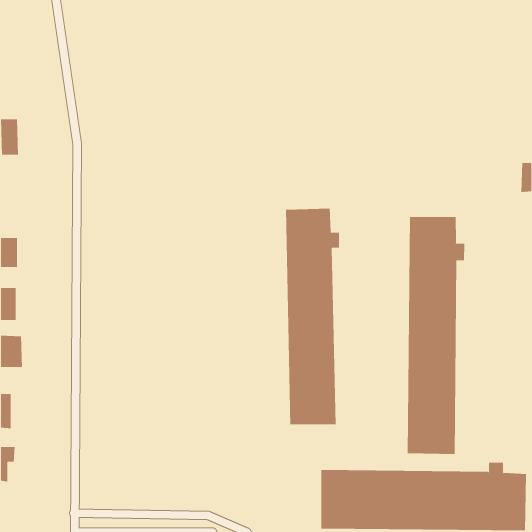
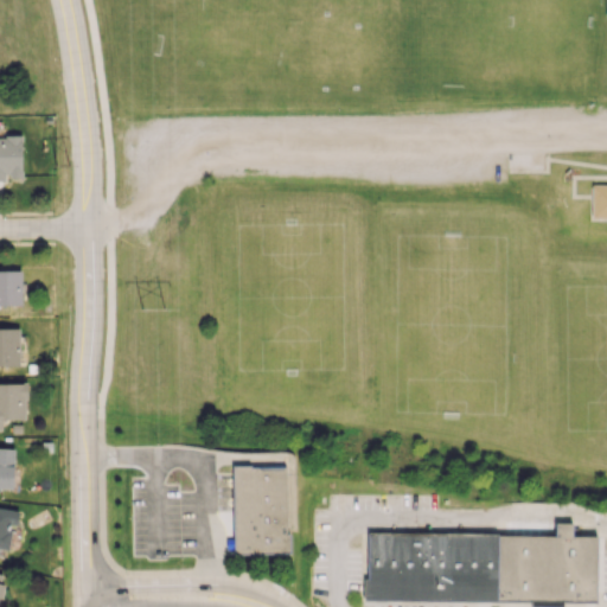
building: [285,208,340,425] -> none
building: [407,216,465,455] -> none
building: none -> [234,469,293,557]

